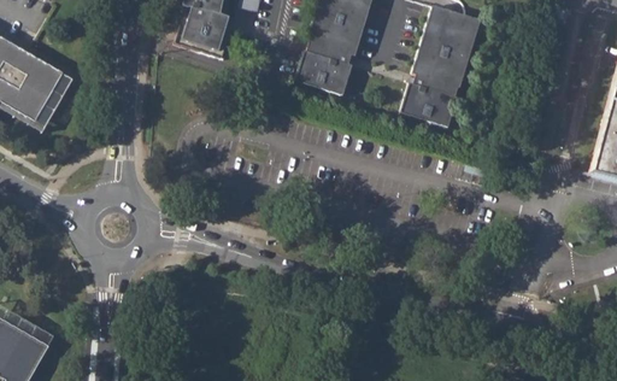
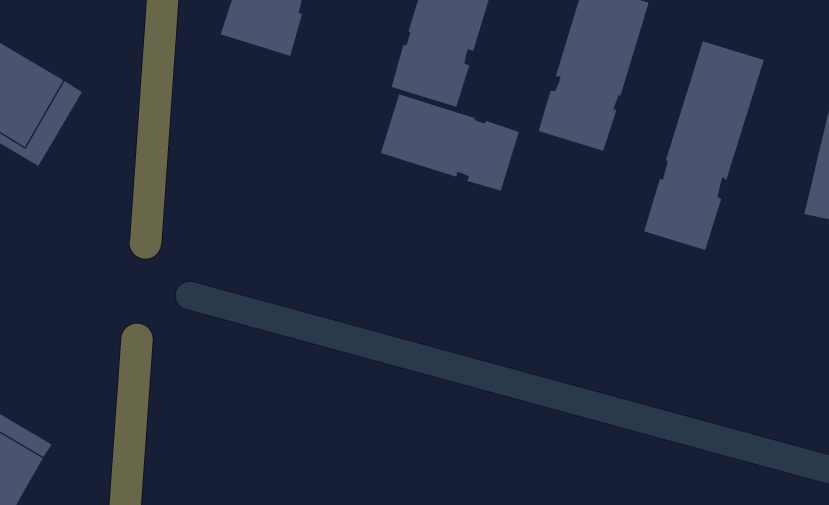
building: none -> [643,40,764,251]
building: none -> [380,94,520,191]

